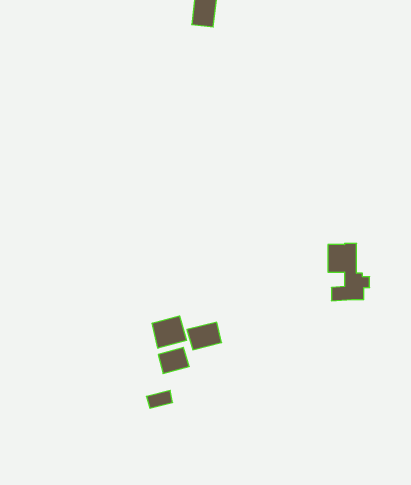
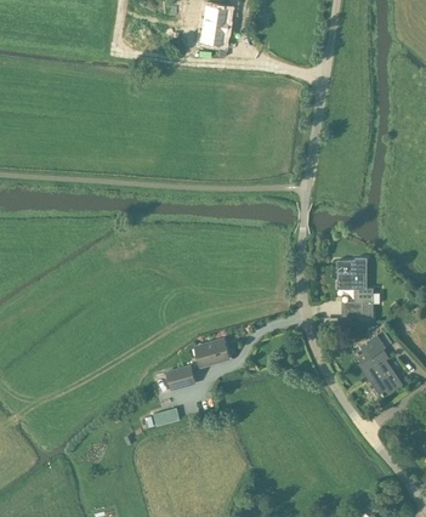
building: none -> [357,329,402,396]
building: [152,316,186,348] -> none

